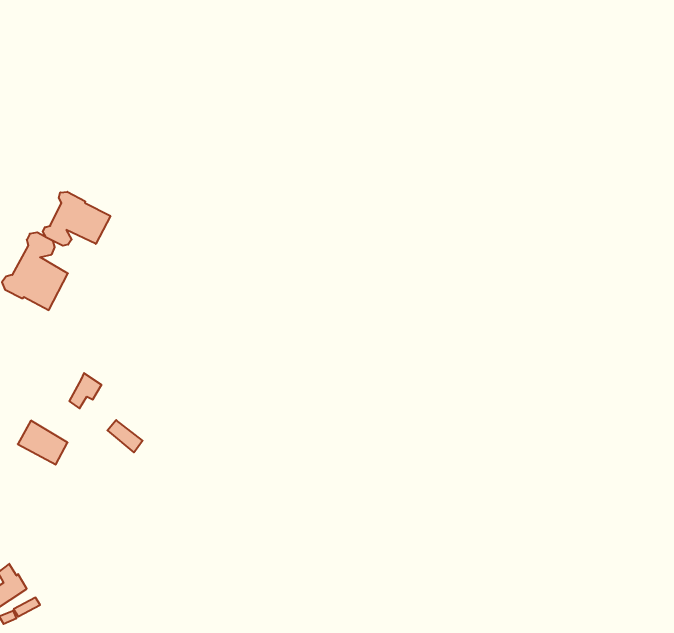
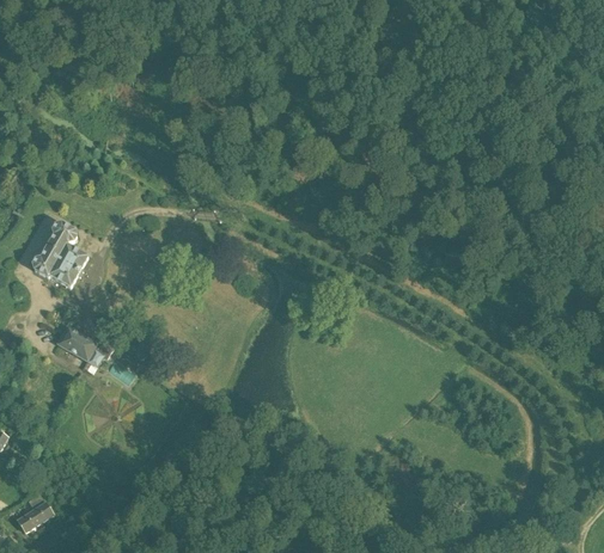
building: [43,192,110,246] -> none
building: [18,421,68,465] -> [55,324,96,360]

